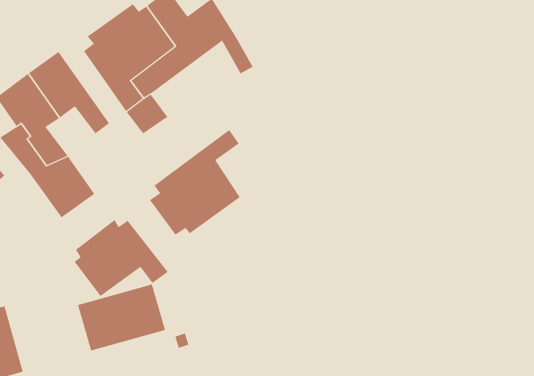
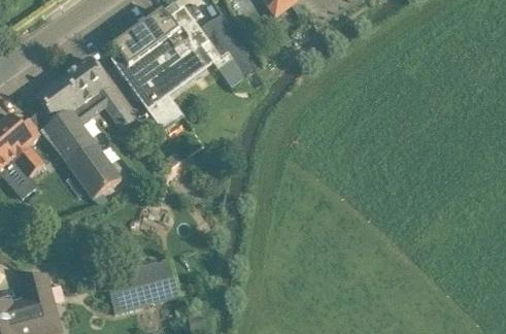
building: [149,129,241,236] -> none
building: [74,219,168,297] -> none

